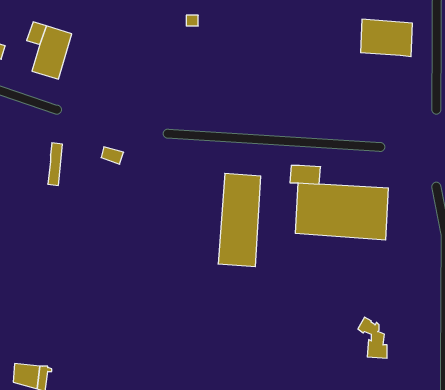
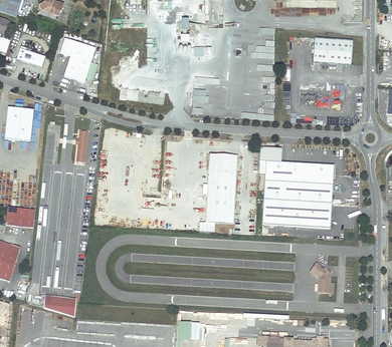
building: none -> [261,198,332,227]

